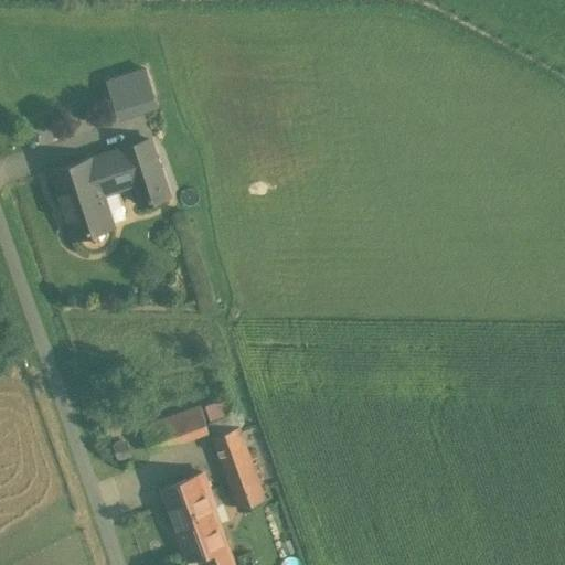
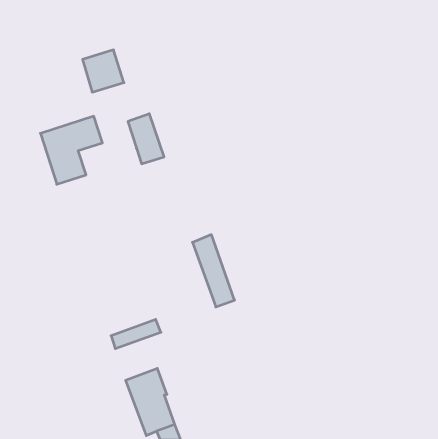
building: [122,140,169,204] -> [128,114,164,164]
building: [211,417,265,510] -> [192,235,235,307]

